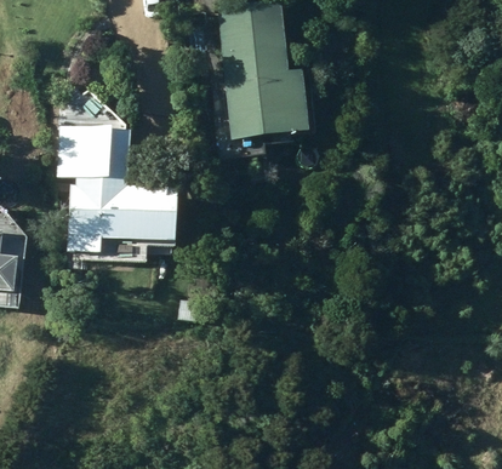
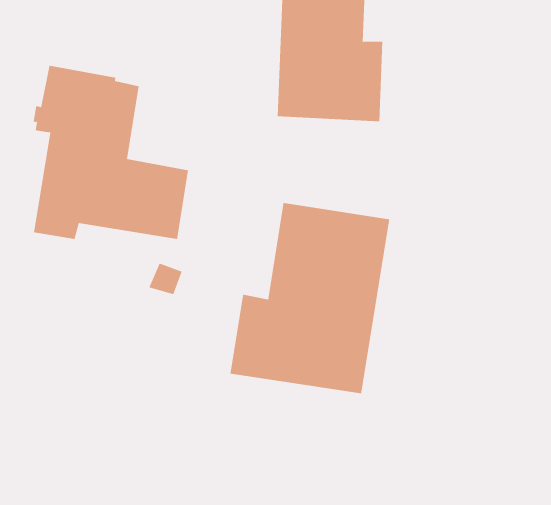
building: none -> [230,202,390,394]

